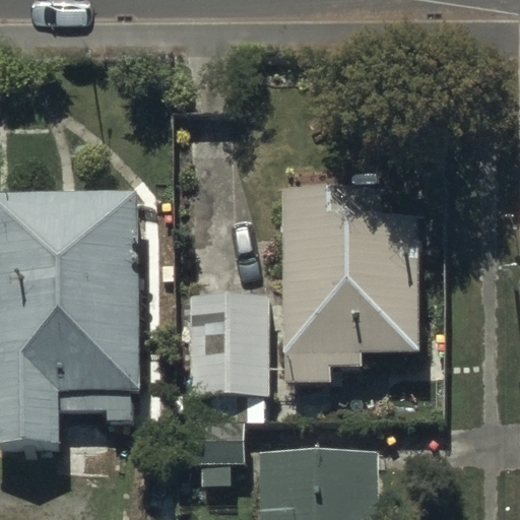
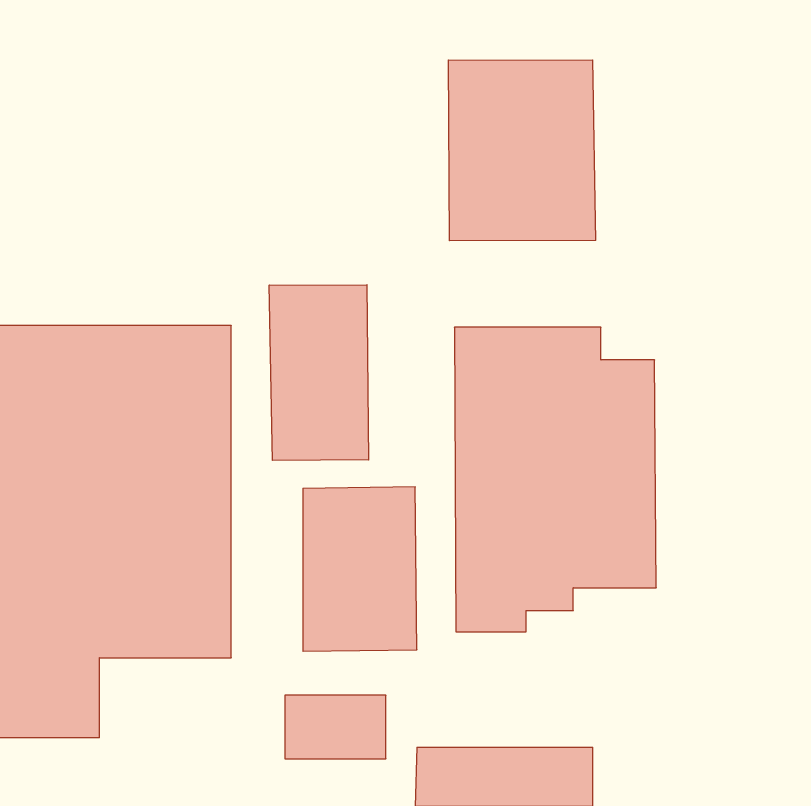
building: none -> [448,60,596,241]
building: none -> [269,285,369,460]

